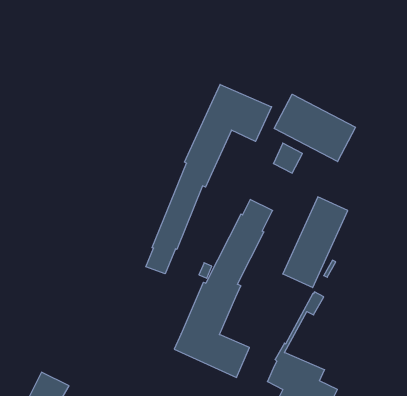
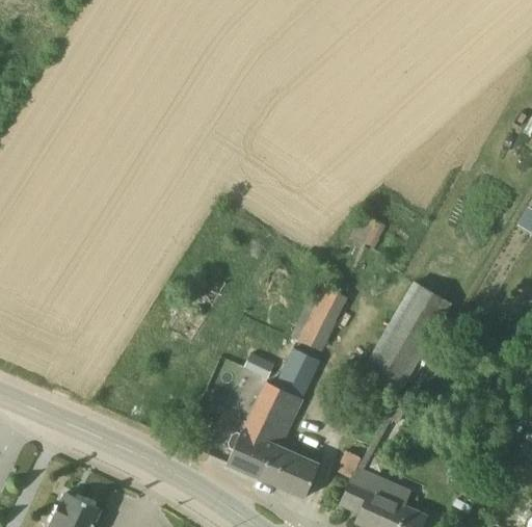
building: [146,84,272,274] -> none
building: [274,94,355,162] -> none

